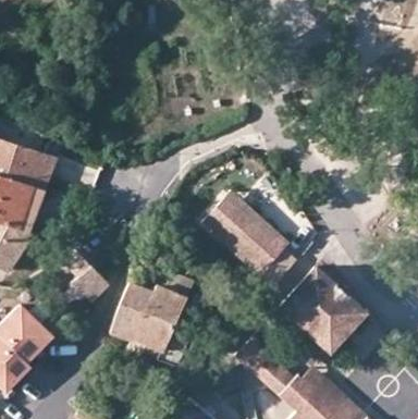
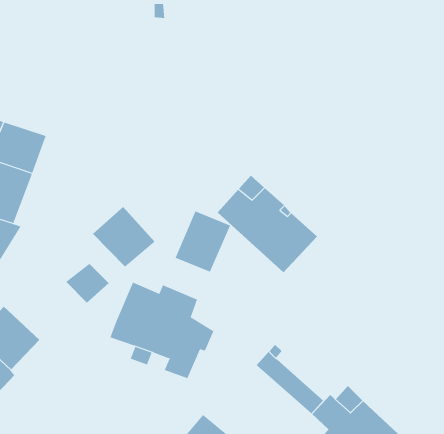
building: none -> [92,206,156,268]
building: none -> [175,211,231,273]
building: [282,269,366,350] -> none

